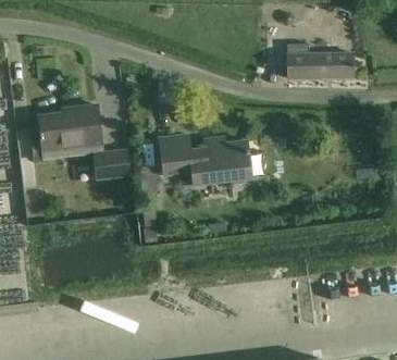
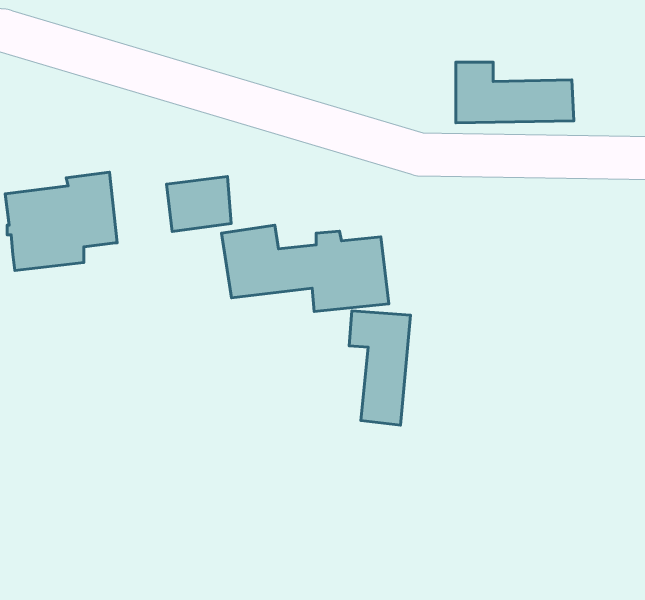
building: [92,150,128,181] -> [166,176,231,232]
building: none -> [349,311,411,425]

